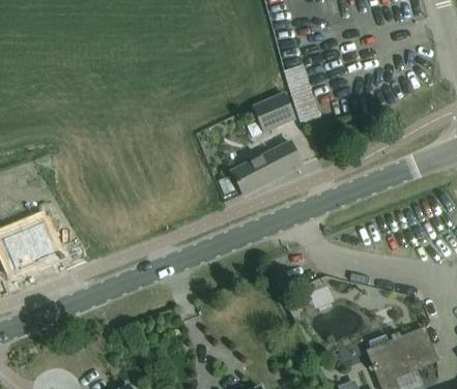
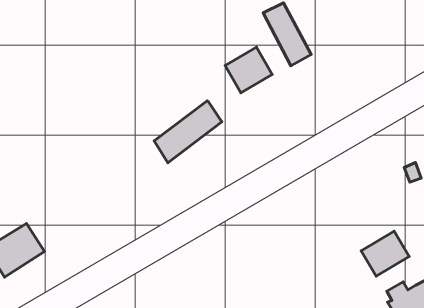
building: [233,143,299,194] -> [154,101,222,163]
building: none -> [361,231,409,276]

